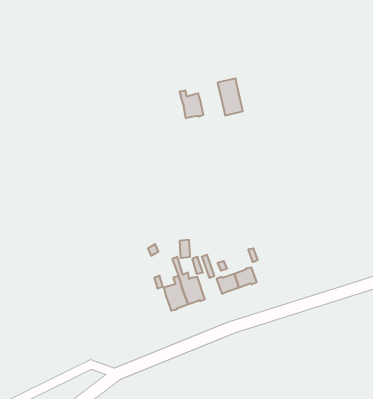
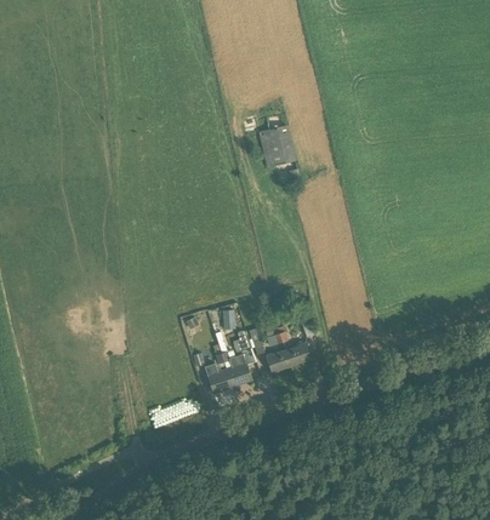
building: [180,90,203,118] -> none

